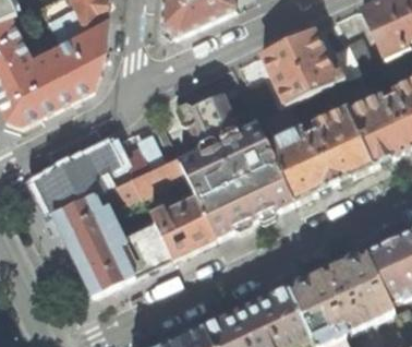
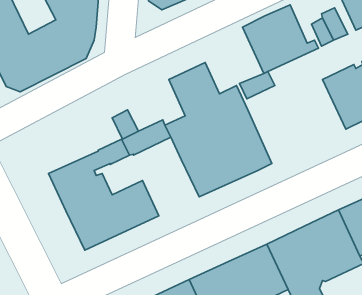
building: [268,106,374,201] -> none
building: [36,140,122,212] -> none
building: [152,196,216,258] -> none

